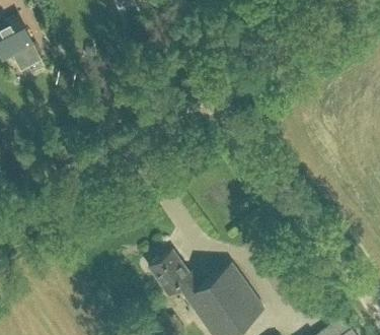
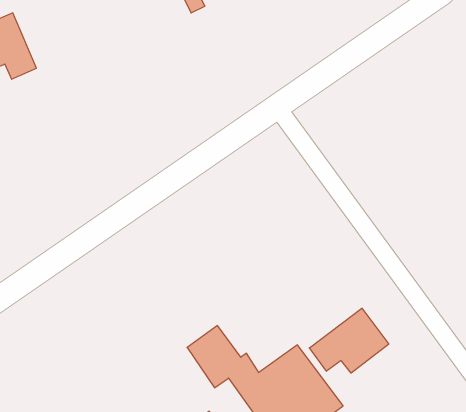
building: none -> [309,308,389,373]

